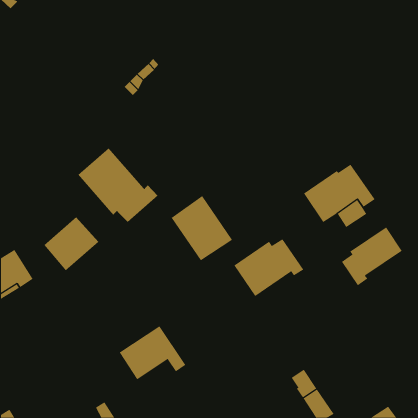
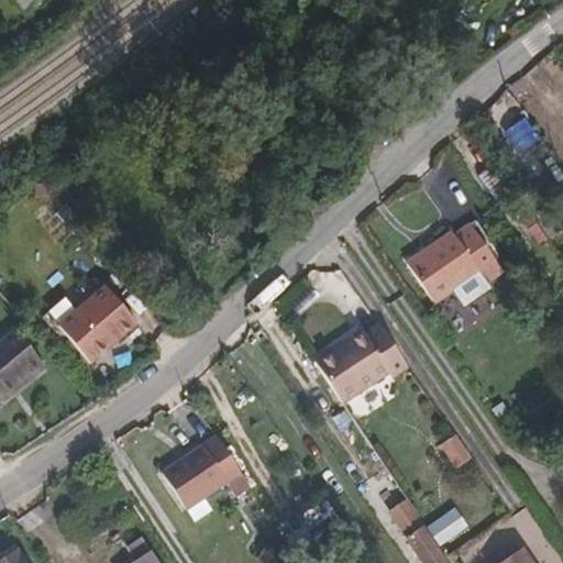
building: [77,147,159,223] -> none
building: [171,195,233,261] -> none
building: [341,227,403,286] -> none

